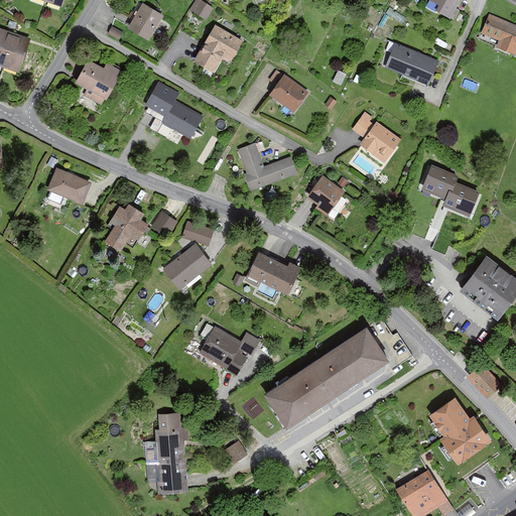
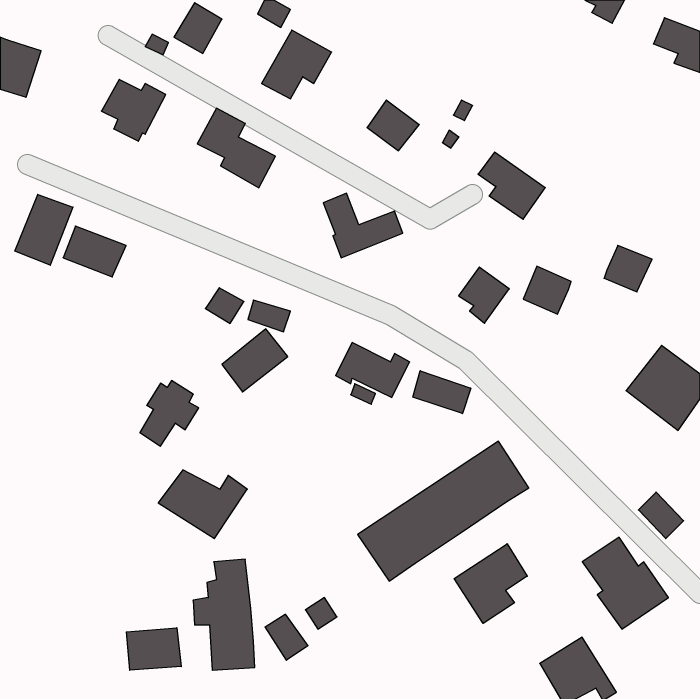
building: [385,42,439,87] -> none
building: none -> [15,194,73,265]
building: [421,164,457,200] -> [523,266,571,314]
building: [307,175,345,217] -> [459,267,509,323]
building: [105,204,148,252] -> [140,381,199,446]
building: none -> [413,371,471,414]
building: [196,325,261,375] -> [158,470,247,539]
building: none -> [454,544,527,623]
building: none -> [265,614,308,660]
building: none -> [126,628,181,670]

